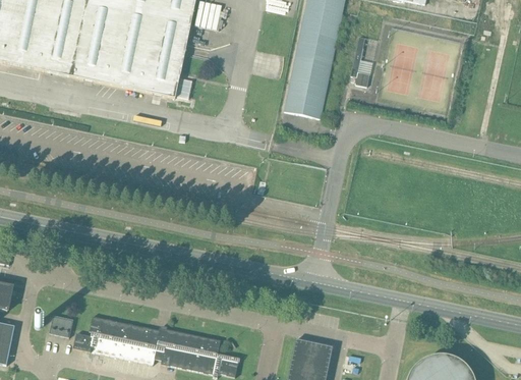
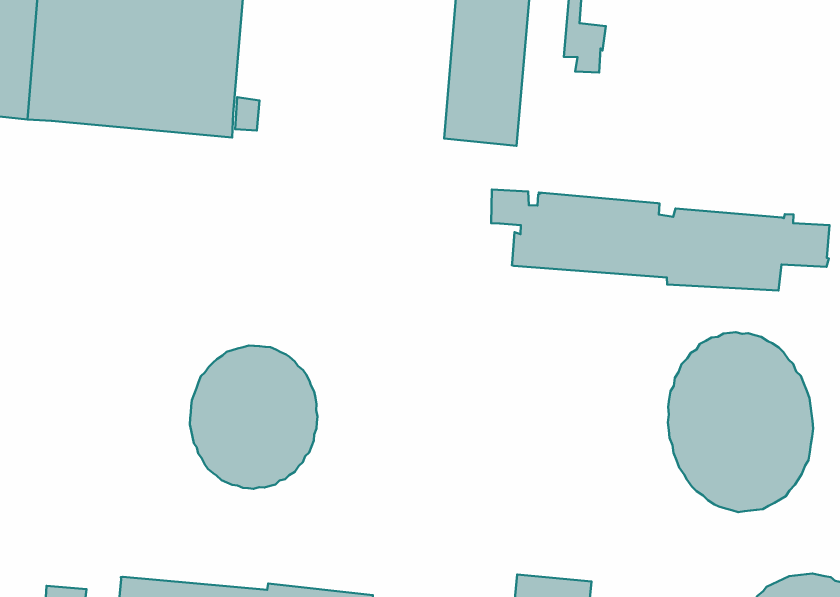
building: none -> [491,190,830,291]
building: none -> [190,345,317,489]
building: none -> [668,332,813,512]

